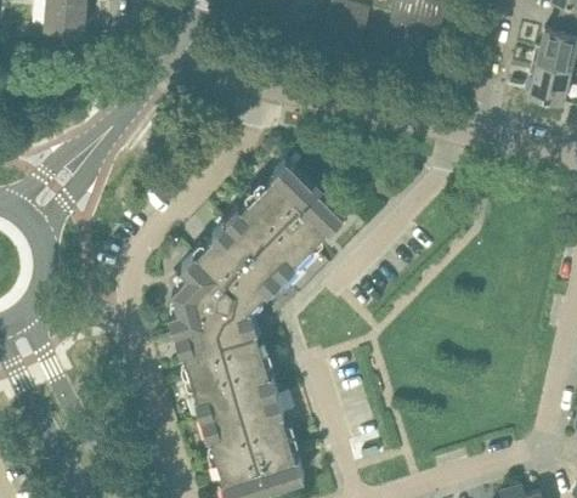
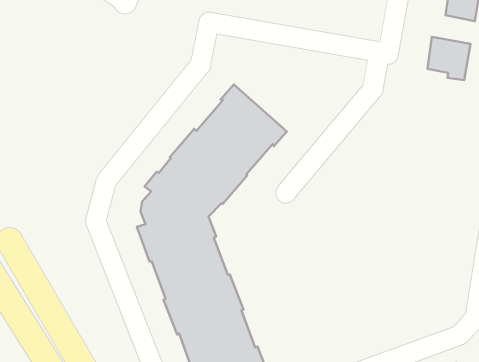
building: none -> [427,37,470,80]

